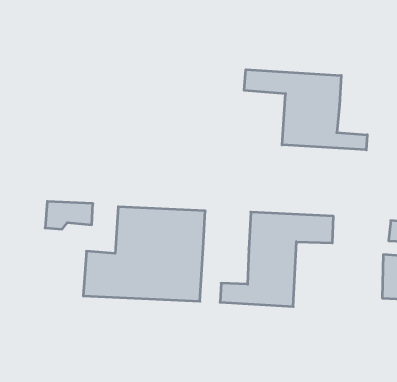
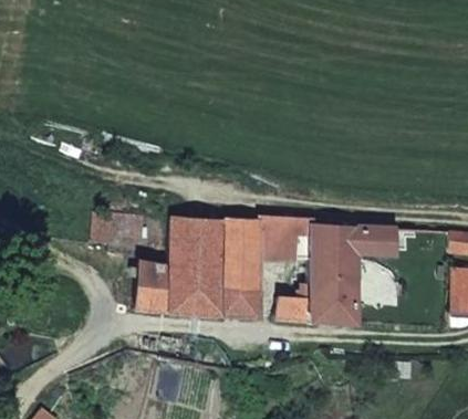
building: [244,70,367,150] -> none
building: none -> [261,216,311,262]

